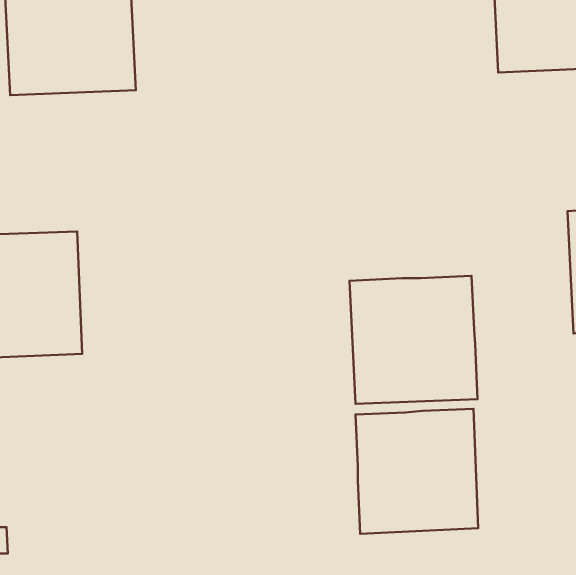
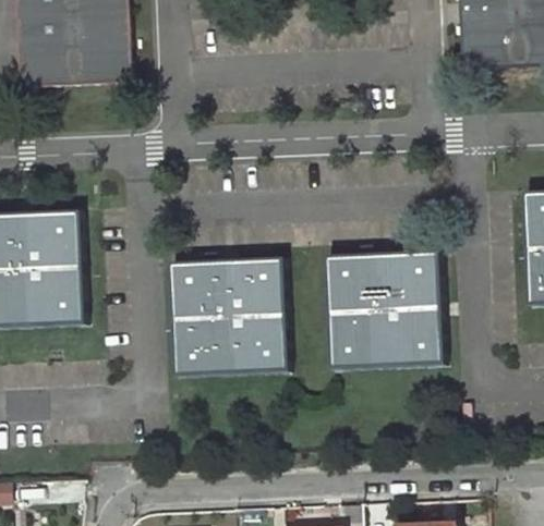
building: none -> [171,258,287,376]
building: [356,409,478,534] -> none

